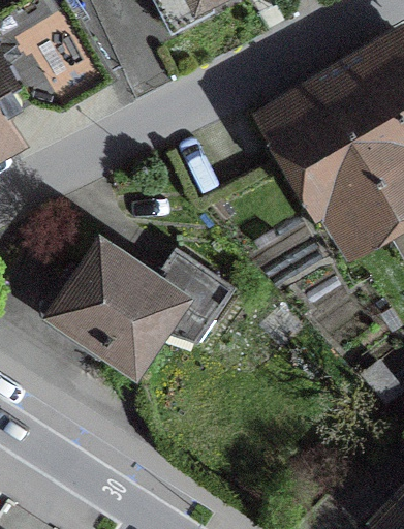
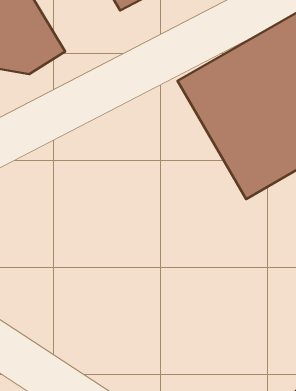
building: [42,237,190,380] -> none

